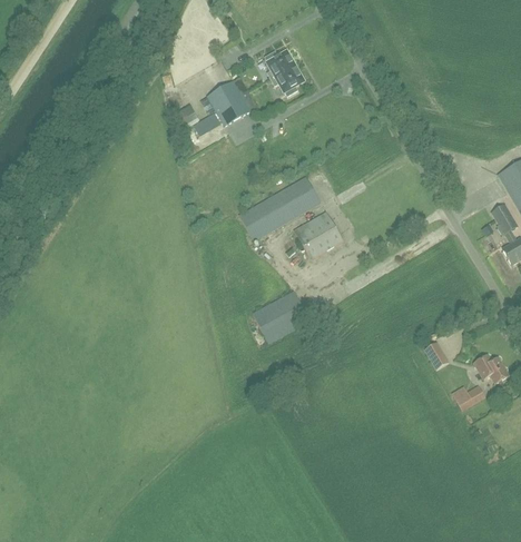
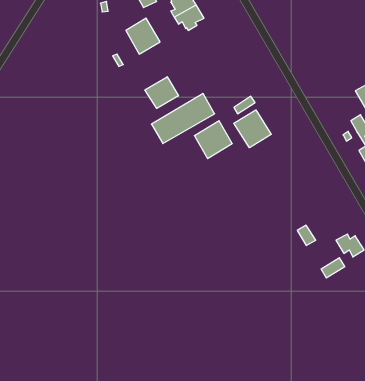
building: none -> [145,77,178,108]
building: none -> [234,110,271,148]
building: [252,290,309,342] -> none

